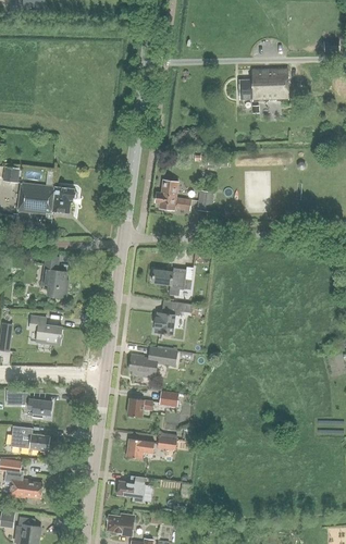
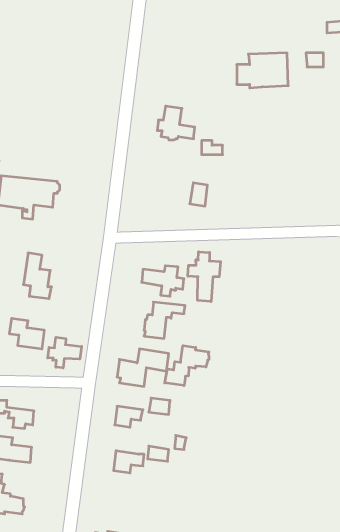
building: [156,180,190,211] -> [157,106,195,140]
building: none -> [188,252,221,302]
building: none -> [48,337,82,368]
building: none -> [165,346,209,386]
building: [118,475,145,502] -> none

